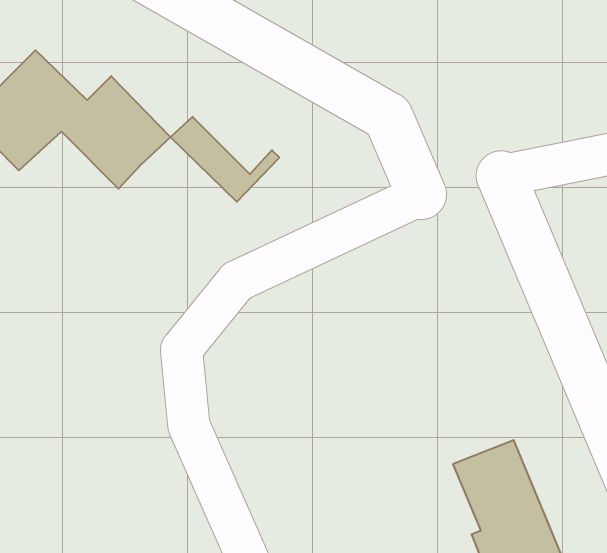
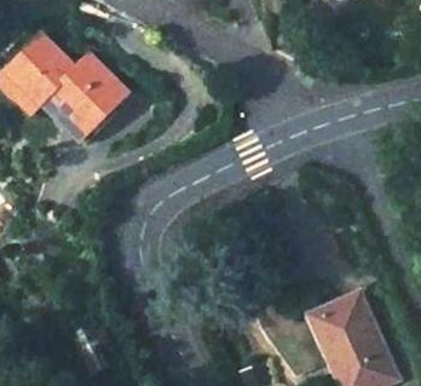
building: [170,117,279,202] -> [44,88,115,144]

